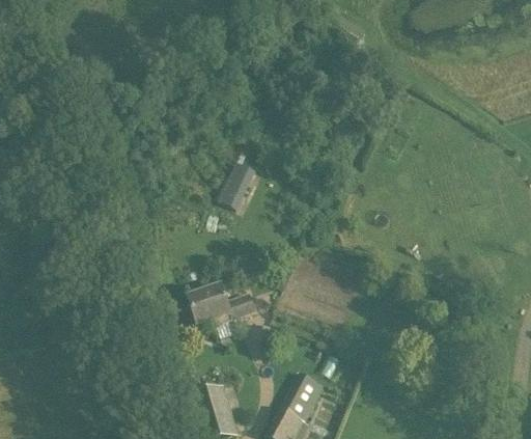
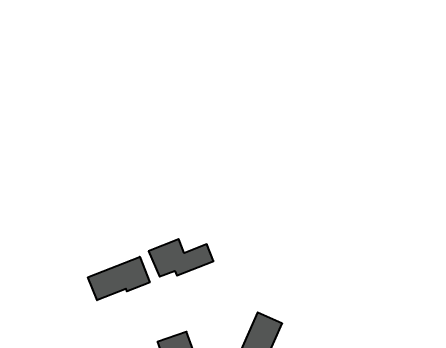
building: [219,160,255,208] -> none
building: none -> [88,257,150,300]

